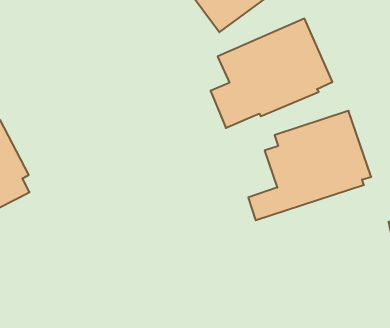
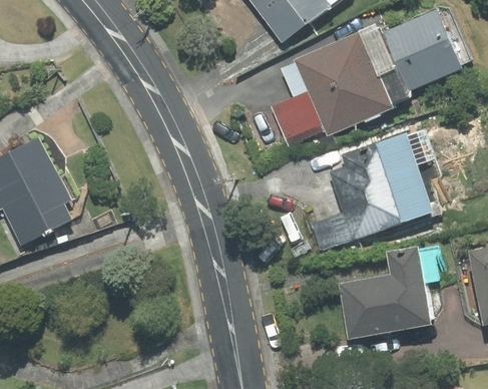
building: none -> [386,12,461,88]
building: none -> [340,248,444,335]

